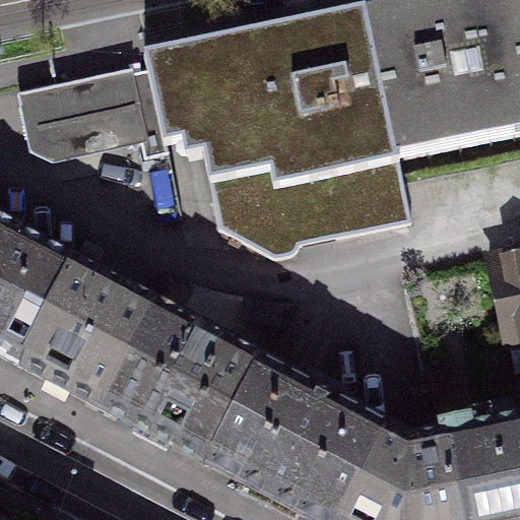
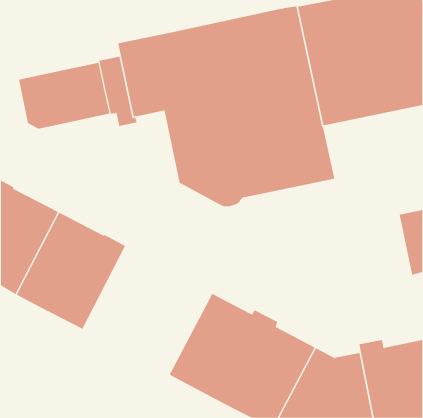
building: [102,302,260,460] -> none

